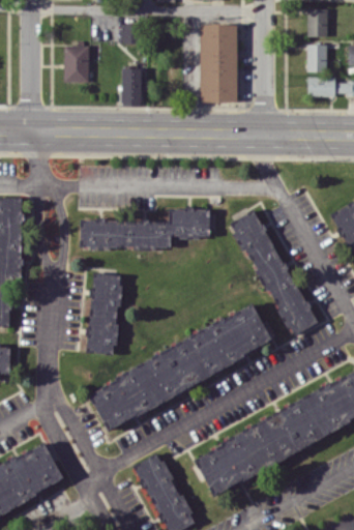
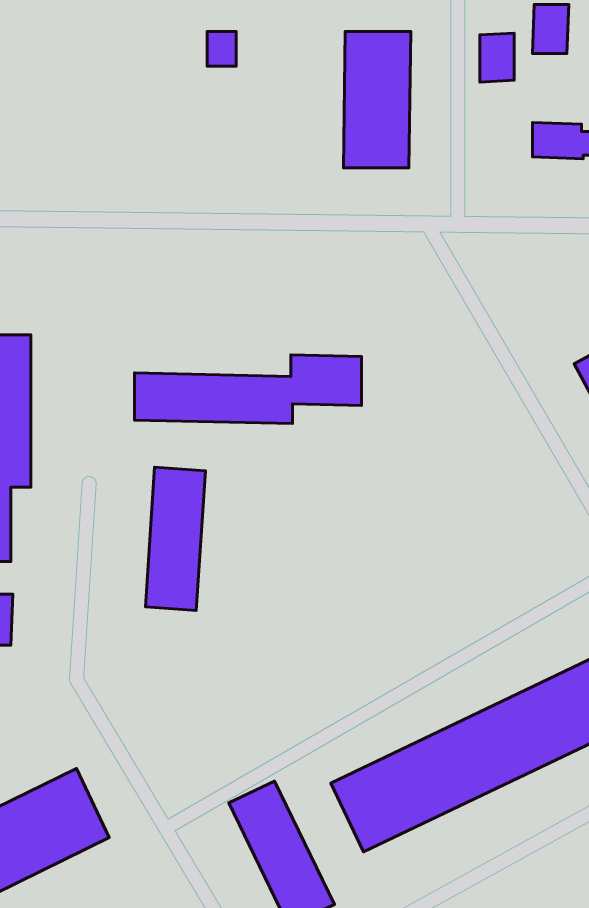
building: [307,43,327,71] -> [480,33,514,82]
building: [64,46,90,82] -> none
building: [122,67,142,106] -> none
building: [233,208,315,336] -> none
building: [87,305,274,428] -> none

